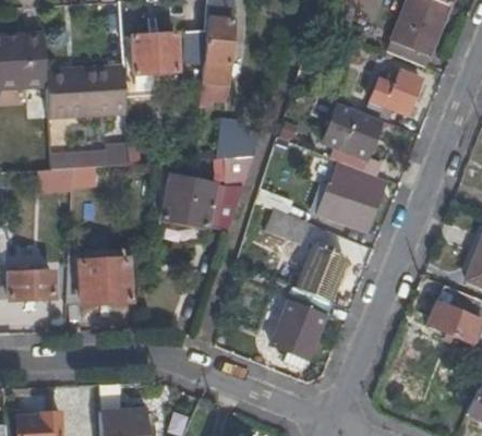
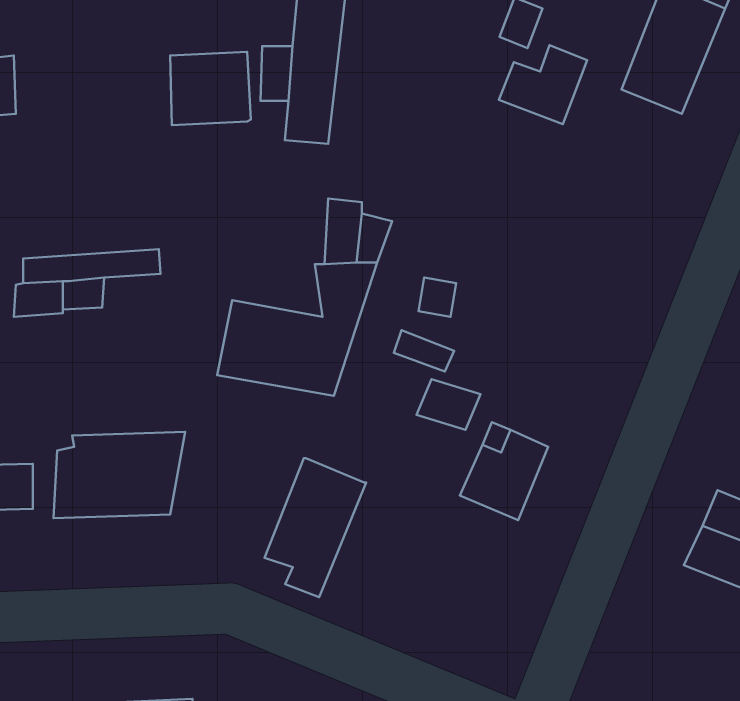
building: [40,64,121,114] -> none
building: [372,72,423,118] -> [499,45,587,124]
building: [333,111,384,159] -> none
building: [314,170,385,232] -> none
building: [274,289,333,370] -> [264,458,366,597]

